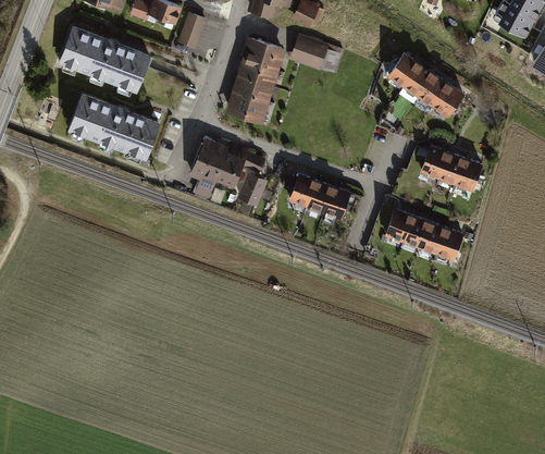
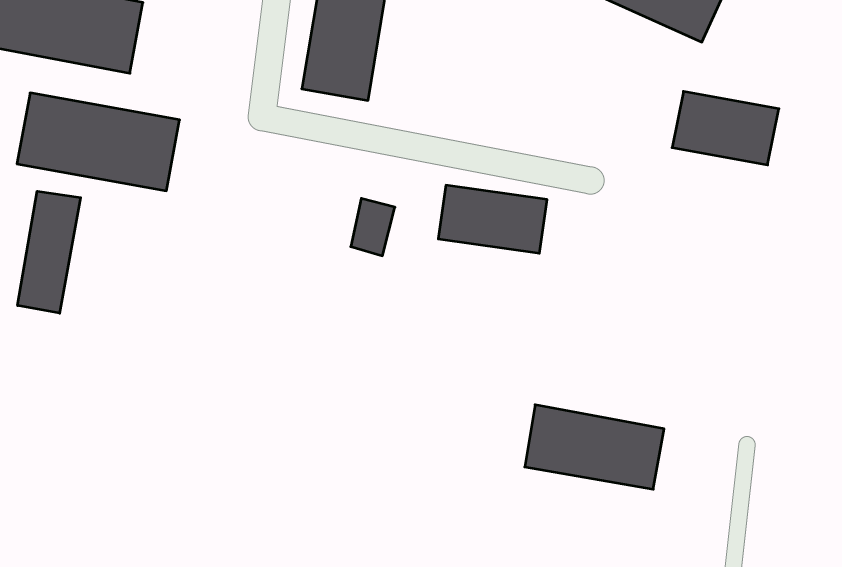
building: [191,136,265,192] -> none
building: none -> [18,191,81,313]
building: [386,208,465,263] -> [525,405,664,489]

